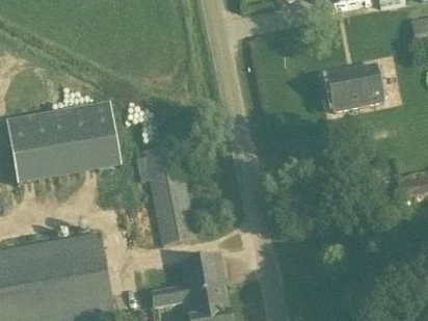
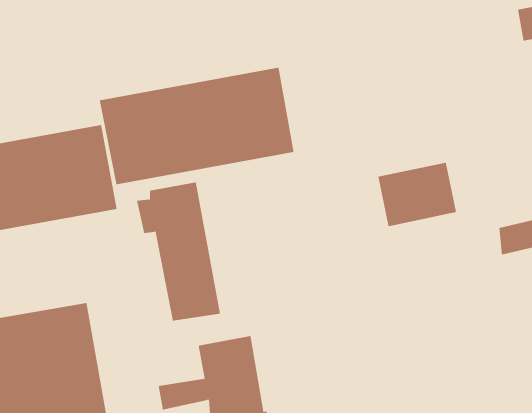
building: none -> [99,67,294,185]
building: [326,65,383,112] -> [378,162,457,227]

